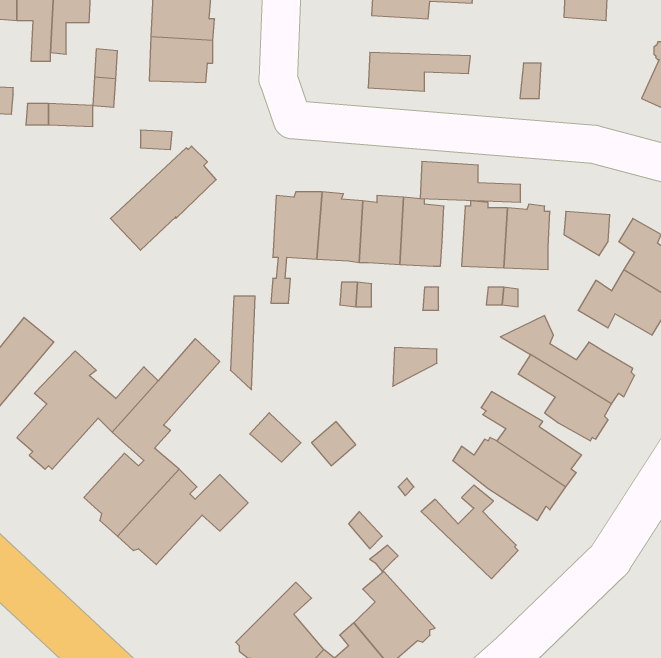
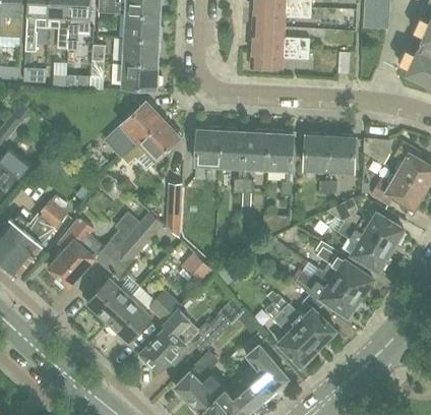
building: none -> [121,63,158,90]
building: [420,162,521,202] -> [250,25,308,49]
building: none -> [118,118,179,168]
building: none -> [264,303,320,367]
building: none -> [138,309,234,372]

